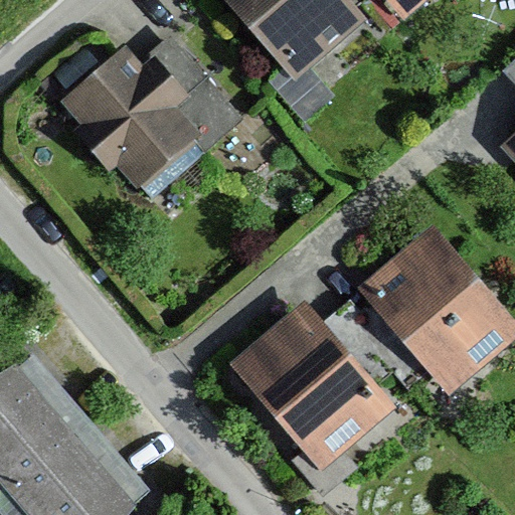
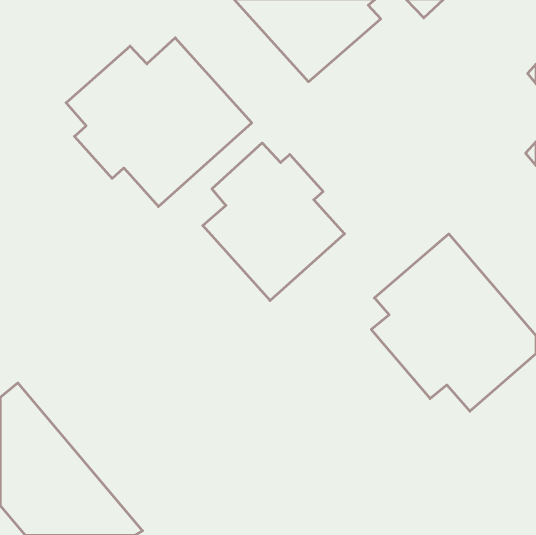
building: none -> [203,143,345,301]
building: [231,302,397,468] -> none

